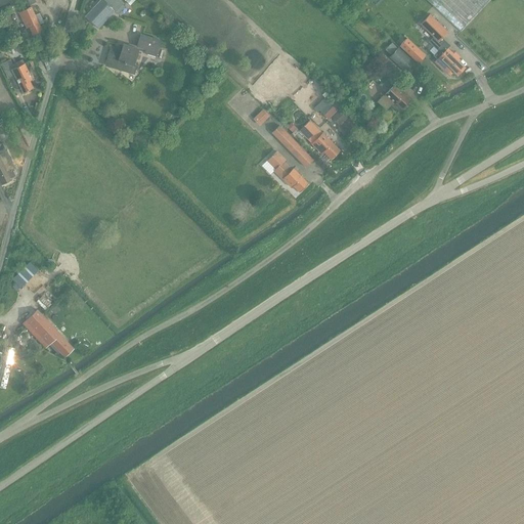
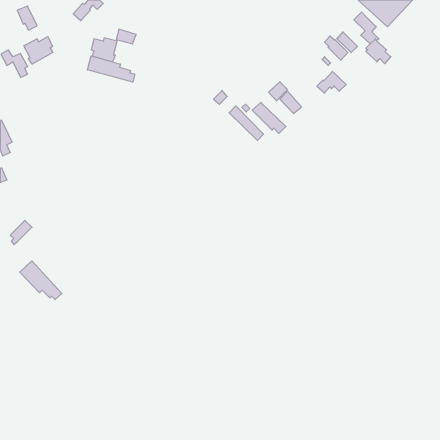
building: none -> [24,37,53,64]
building: none -> [87,56,135,82]
building: [268,151,309,192] -> none

